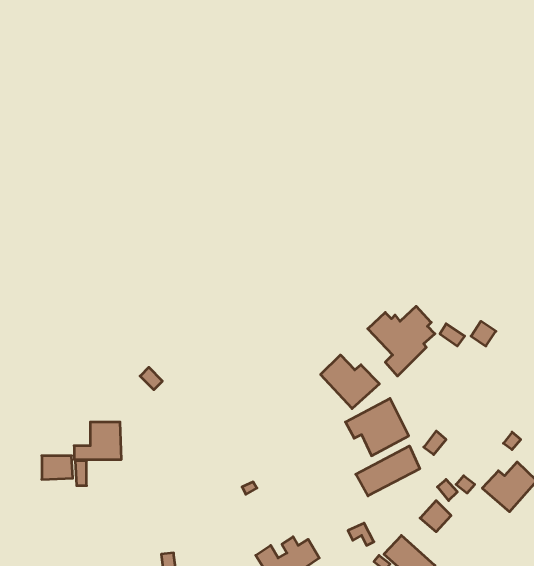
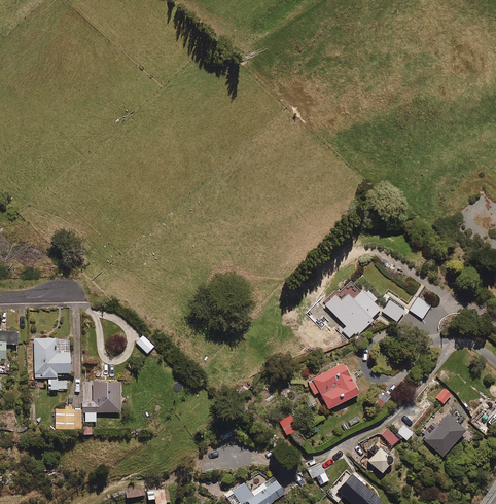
building: [321,355,379,409] -> none
building: none -> [34,338,69,389]
building: [356,446,420,496] -> none

